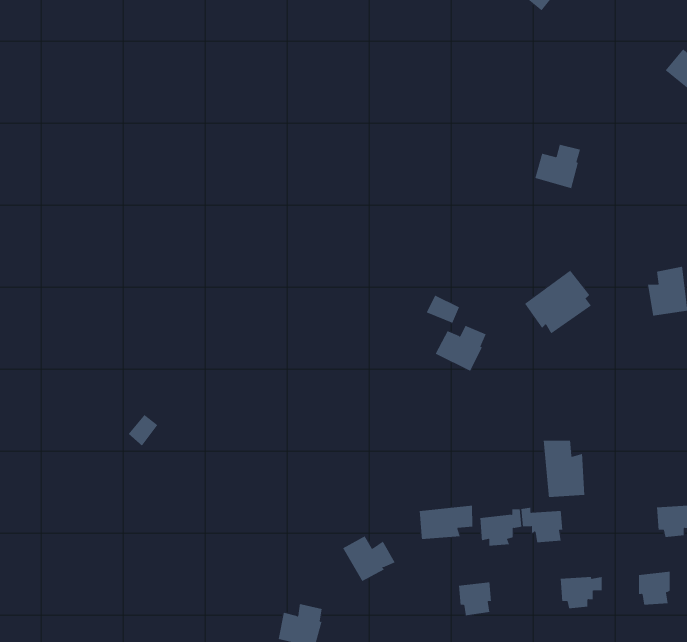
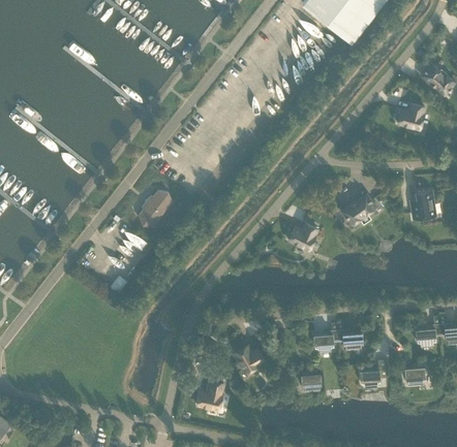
building: [534,144,581,189] -> [397,102,424,128]
building: none -> [139,189,172,224]
building: [543,440,585,498] -> none
building: [419,505,473,540] -> none

